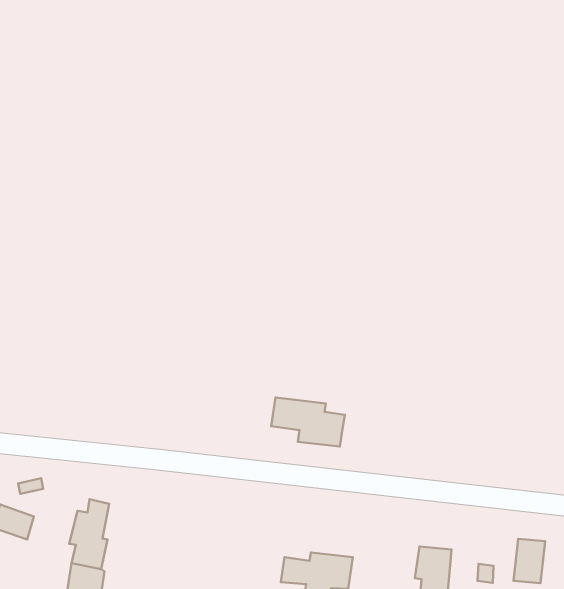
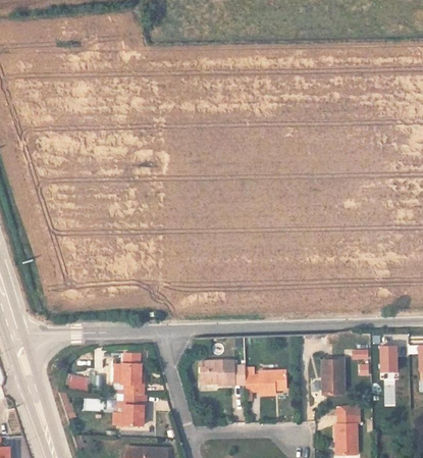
building: [271,398,345,447] -> [201,360,244,386]

